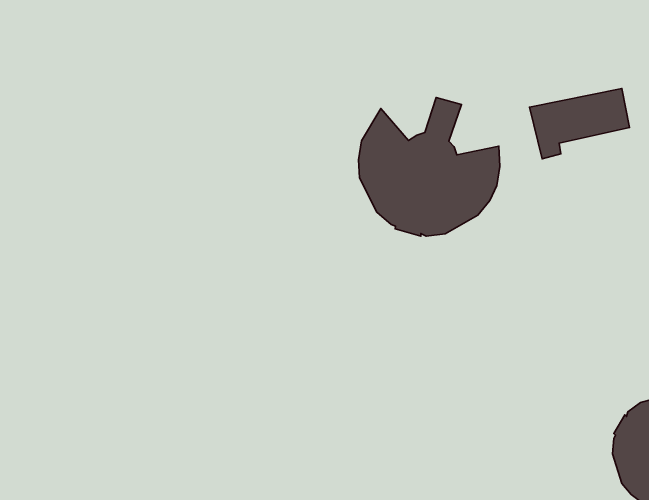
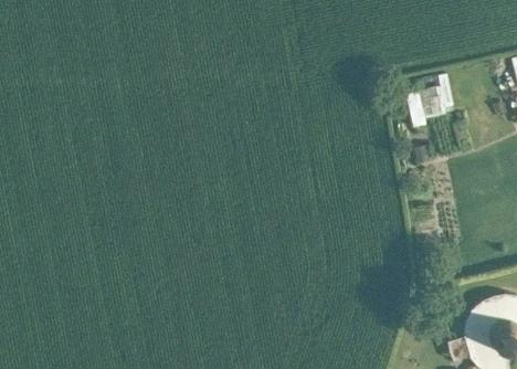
building: [358,97,500,236] -> none

